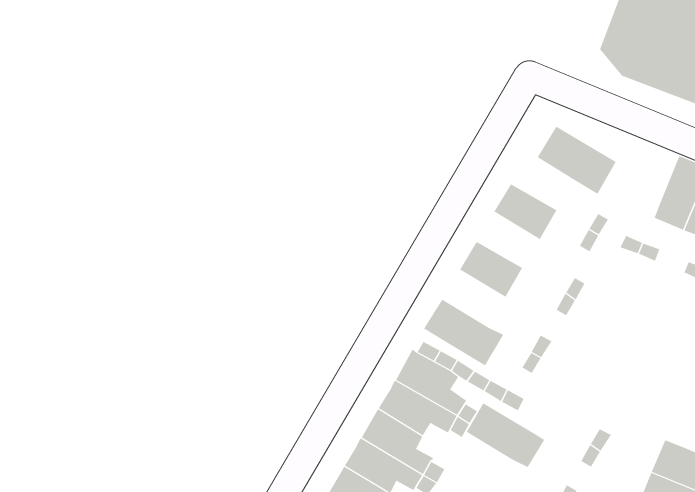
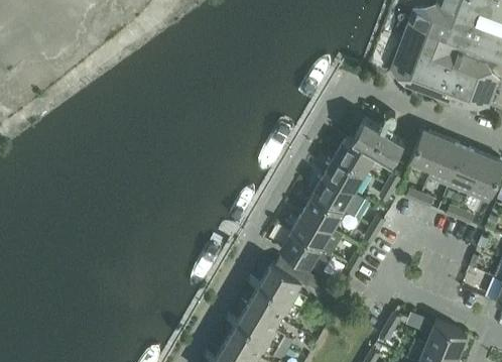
building: none -> [410,129,445,170]
building: none -> [336,136,377,173]
building: none -> [313,174,355,211]
building: [466,402,545,468] -> [291,212,343,254]

